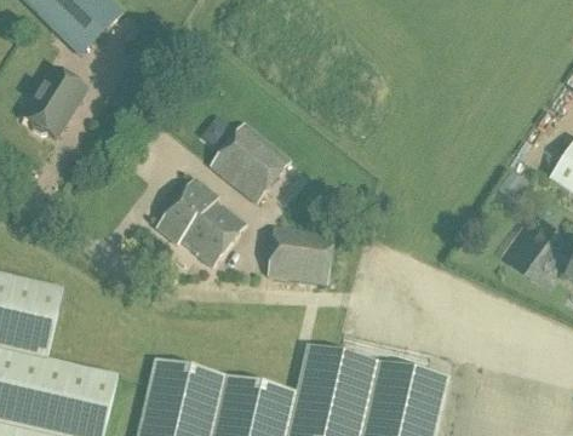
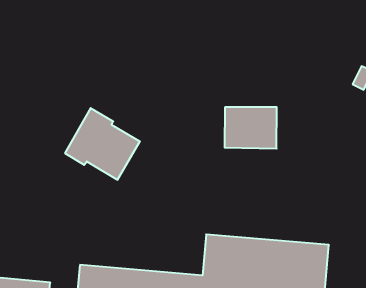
building: [210,124,291,203] -> none
building: [267,228,334,285] -> [225,107,277,149]

